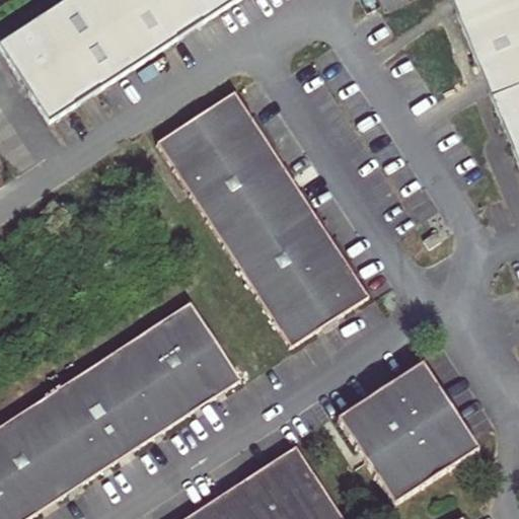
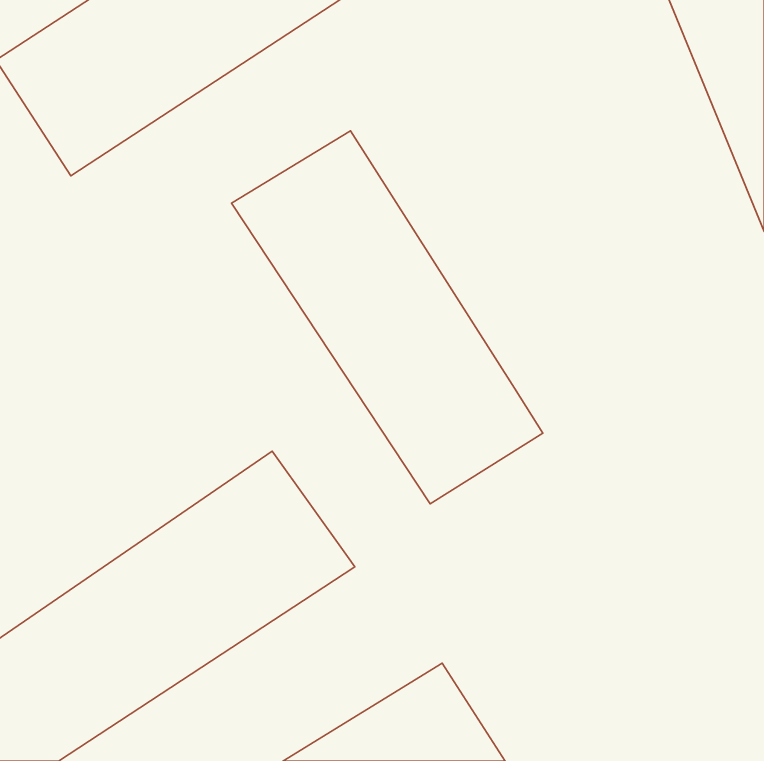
building: [336,362,477,503] -> none

